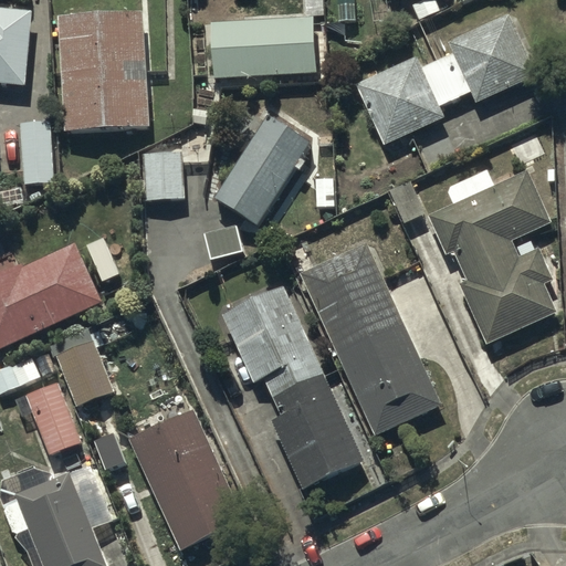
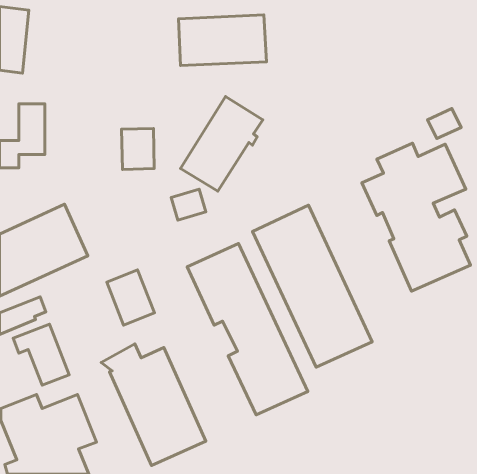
building: [61,13,148,133] -> none
building: [356,13,535,144] -> none
building: [57,340,114,406] -> [107,270,154,325]

